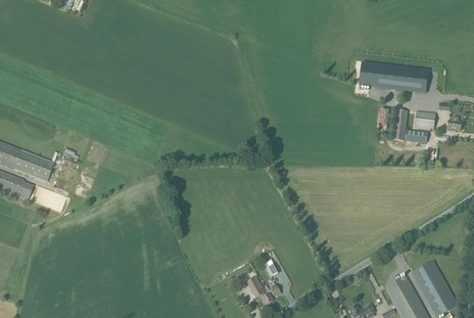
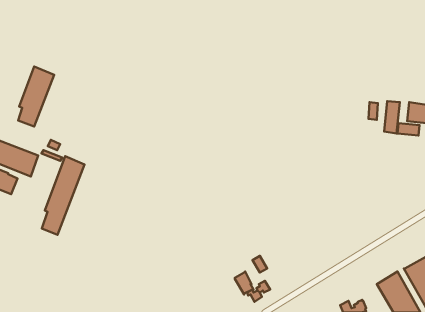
building: [360,62,428,92] -> none
building: none -> [18,67,54,127]
building: none -> [42,156,84,235]

